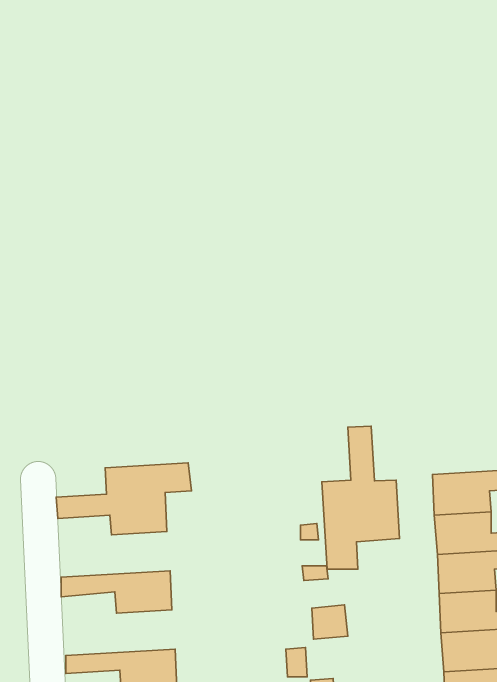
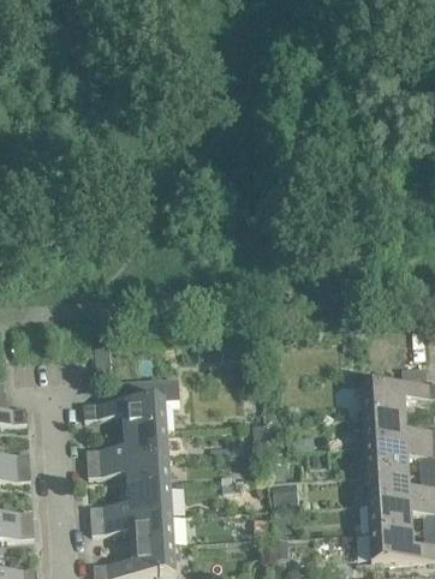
building: [322,426,400,569] -> none
building: none -> [85,429,167,462]
building: none -> [89,487,171,520]

